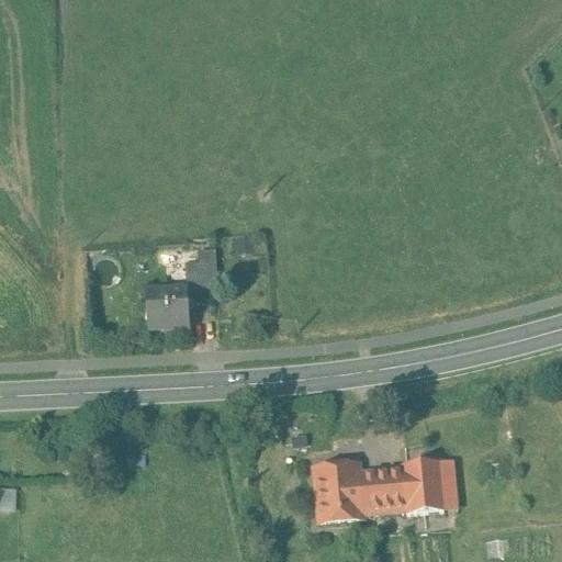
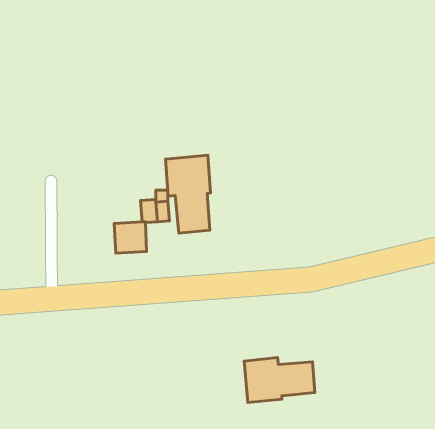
building: none -> [165,155,211,233]
building: [403,460,443,512] -> none

